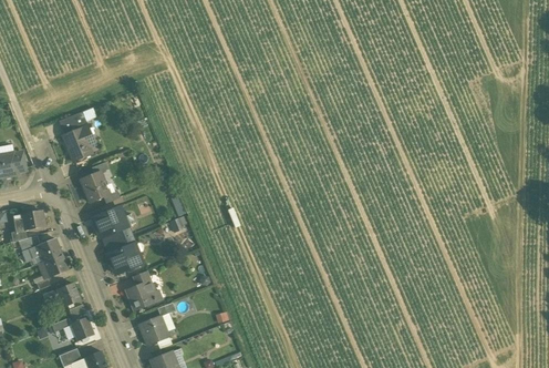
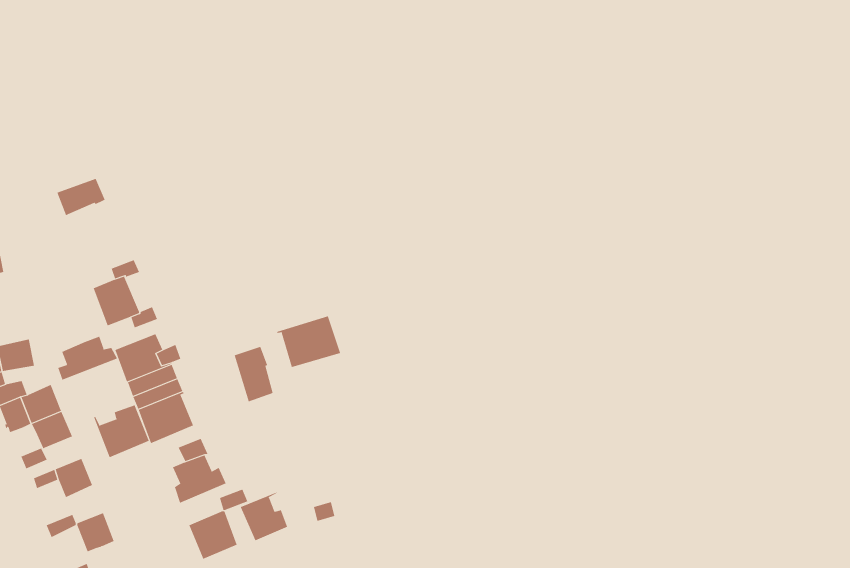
building: [62,124,92,161] -> none
building: none -> [277,315,341,368]
building: none -> [57,336,118,381]
building: none -> [94,404,150,459]
building: none -> [239,492,288,541]

